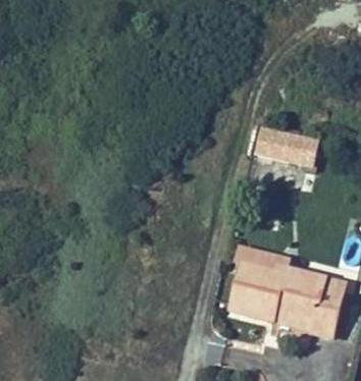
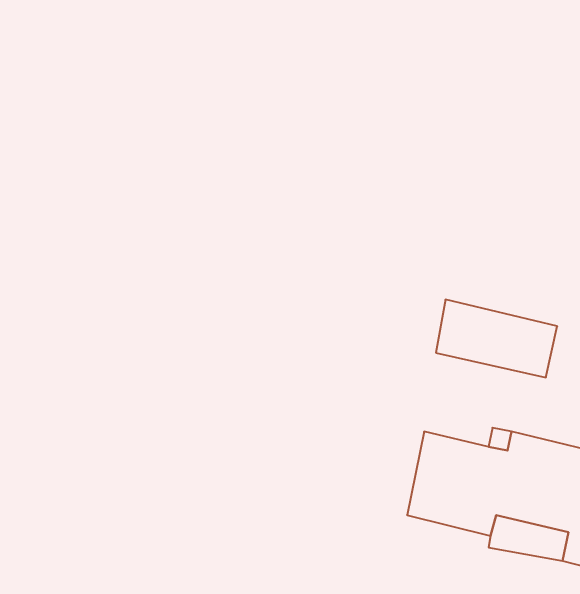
building: [254,128,319,170] -> [436,300,557,377]

